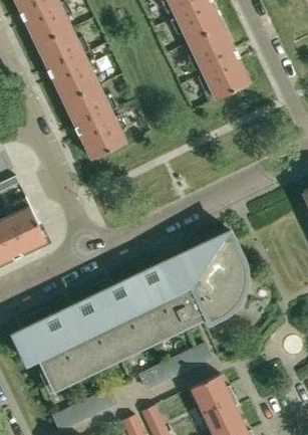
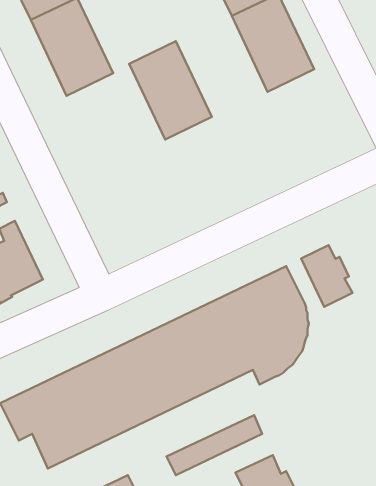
building: [63,85,125,160] -> [129,41,212,140]
building: none -> [301,245,352,307]

